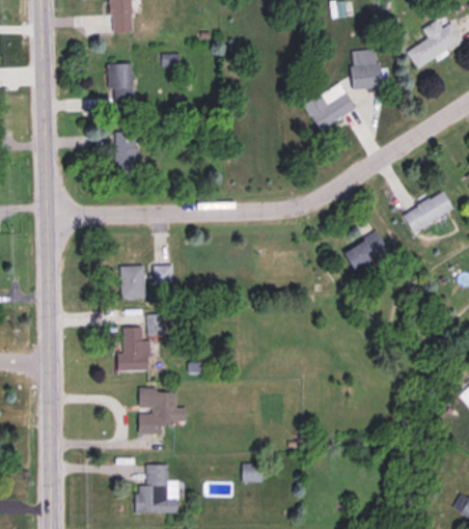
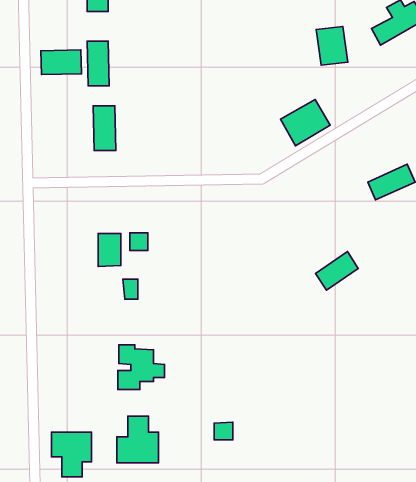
building: none -> [41,50,81,75]
building: [304,83,356,132] -> [281,99,330,146]
building: [342,230,387,271] -> [316,252,358,290]
building: [116,328,148,371] -> none
building: none -> [51,432,92,477]

